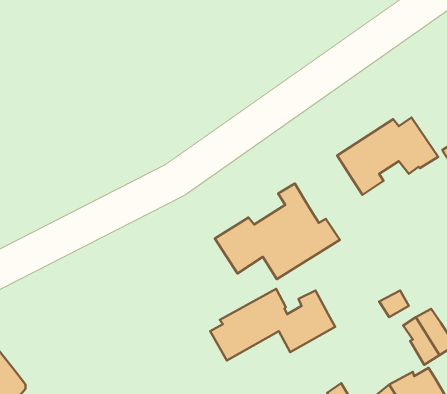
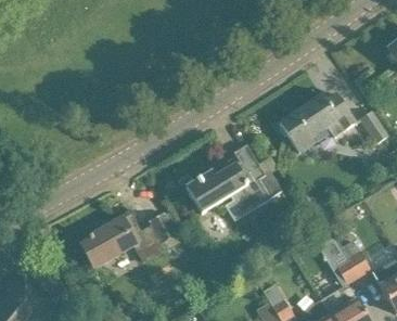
building: [210,289,335,361] -> [80,213,177,268]

